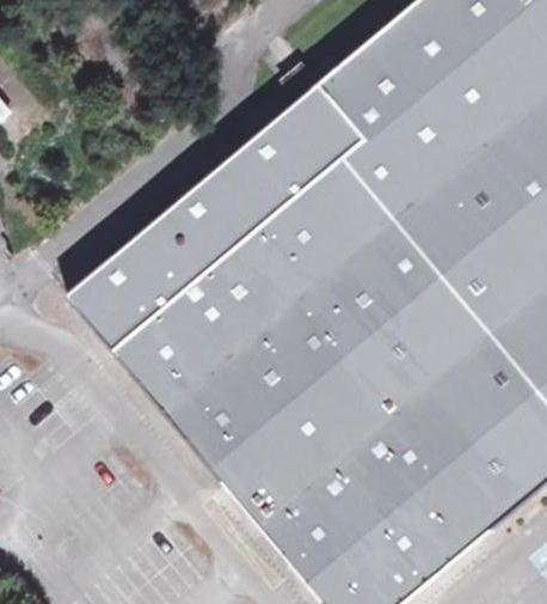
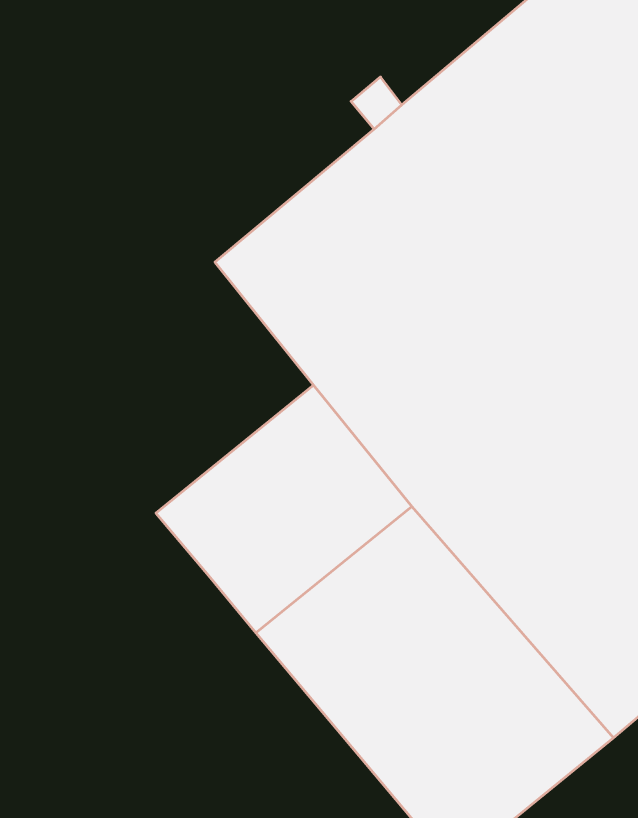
building: [69,196,257,379] -> none

